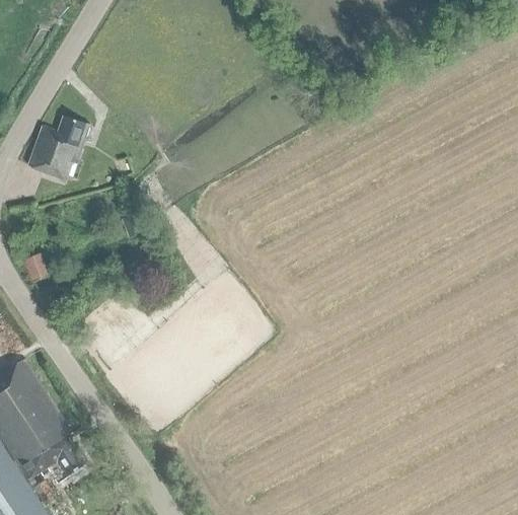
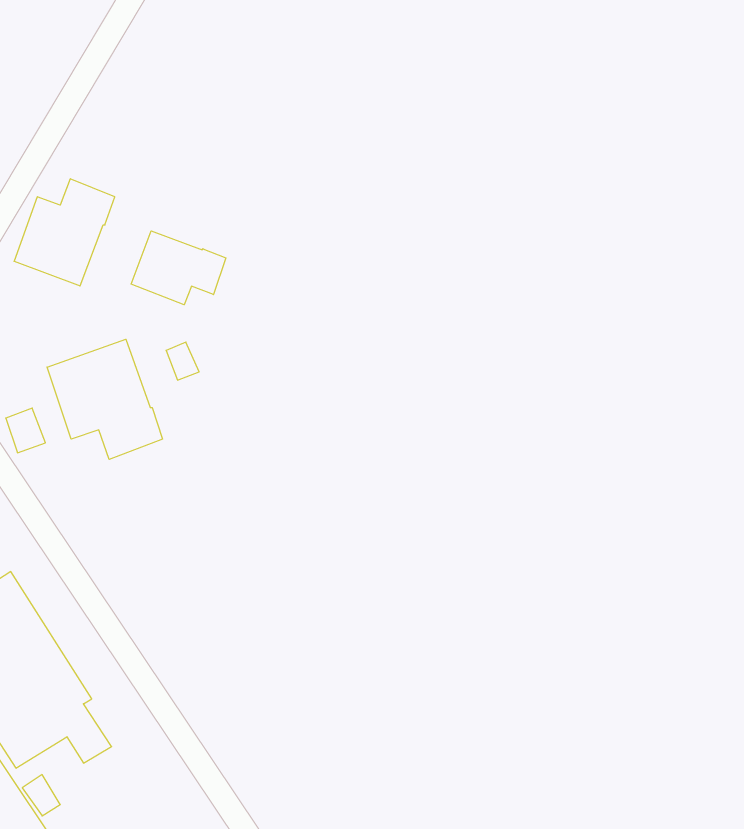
building: none -> [131,231,226,305]
building: none -> [47,339,163,459]

